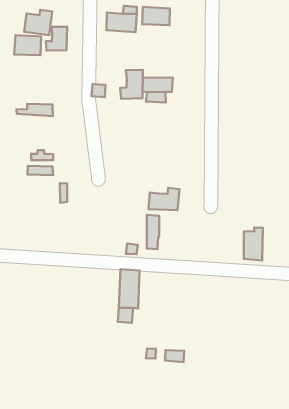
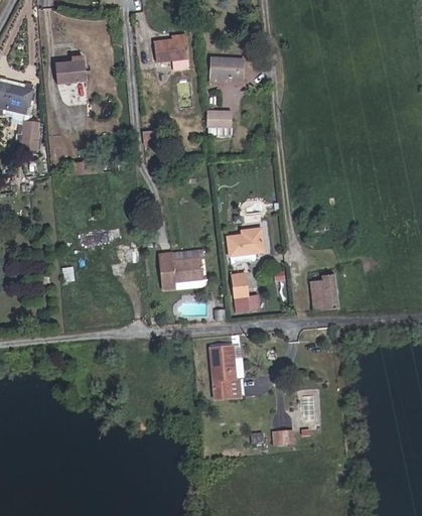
building: [142,7,170,25] -> [213,55,246,78]
building: [46,27,67,50] -> none
building: [120,70,143,99] -> none
building: none -> [159,254,206,297]
building: [244,227,263,260] -> [309,266,334,304]

